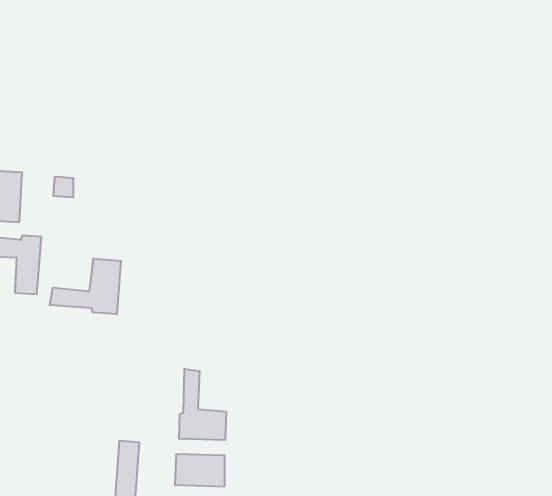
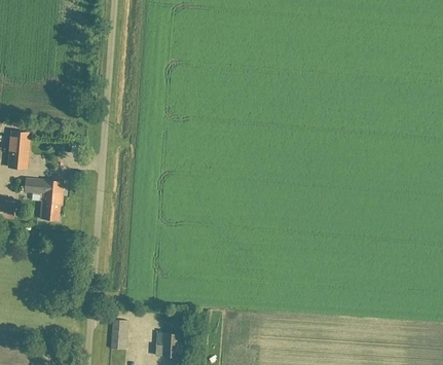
building: [50,258,121,314] -> none
building: [179,369,226,440] -> none

